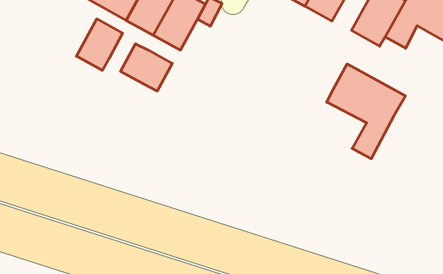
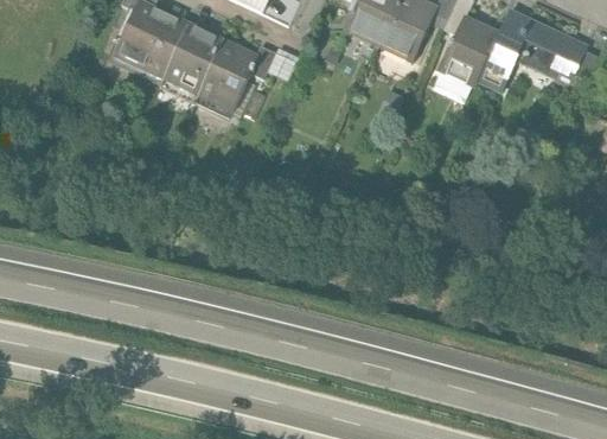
building: [76,19,123,70] -> none
building: [121,44,172,91] -> none
building: [327,64,405,159] -> none

